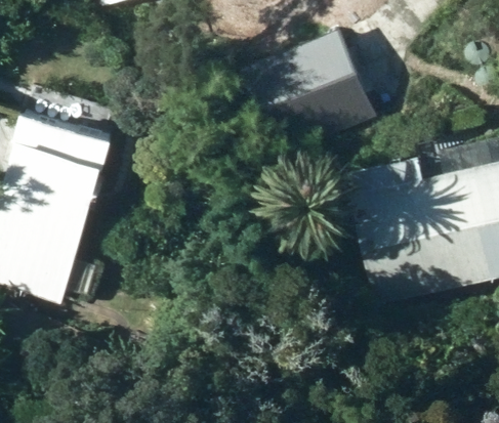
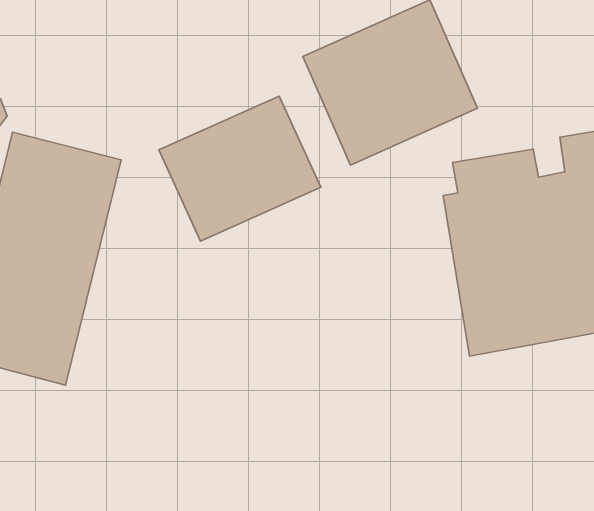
building: none -> [159,96,321,241]

